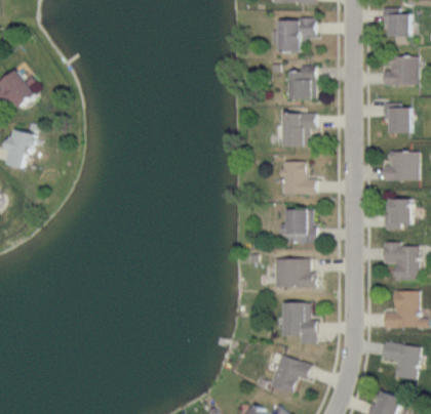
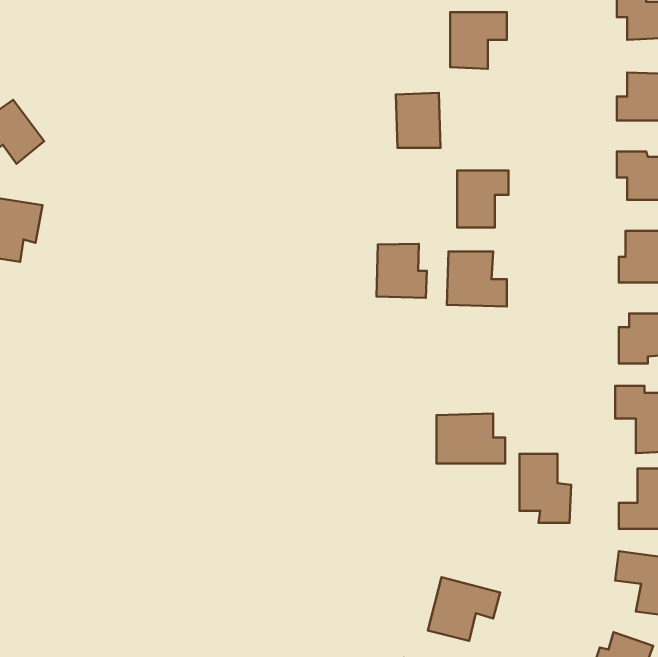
building: [288,67,315,99] -> [396,93,441,148]
building: none -> [376,244,427,298]
building: [281,210,314,242] -> none
building: [285,303,316,344] -> [520,454,571,523]

